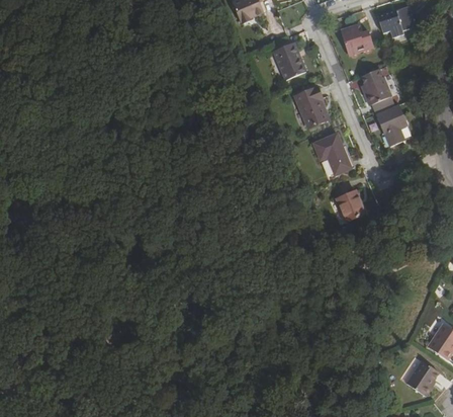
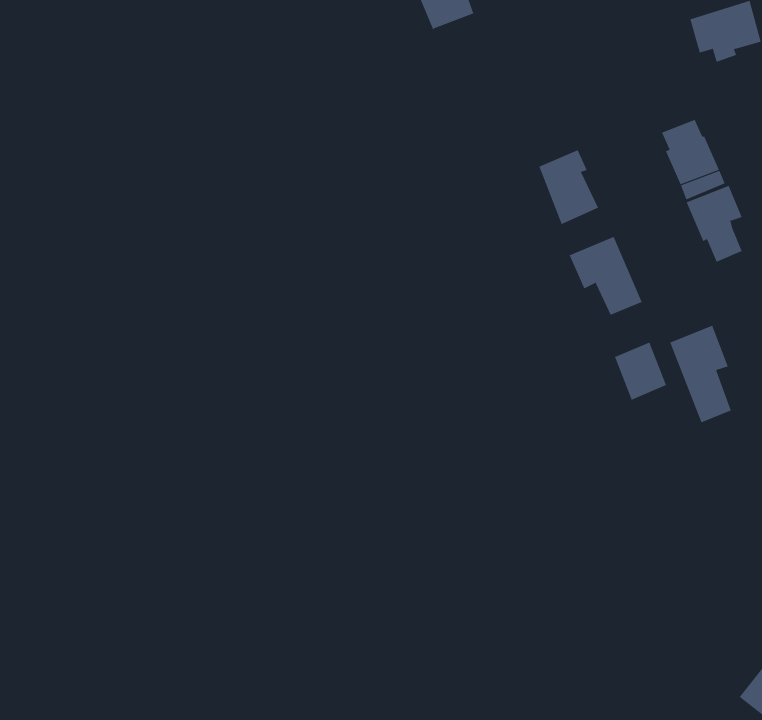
building: [341,25,374,56] -> none
building: [274,43,306,81] -> none
building: none -> [670,325,732,423]

